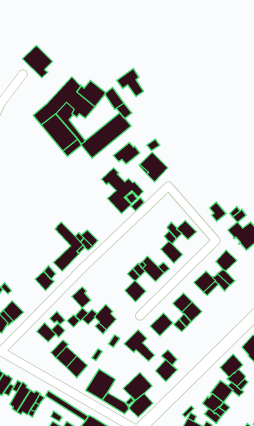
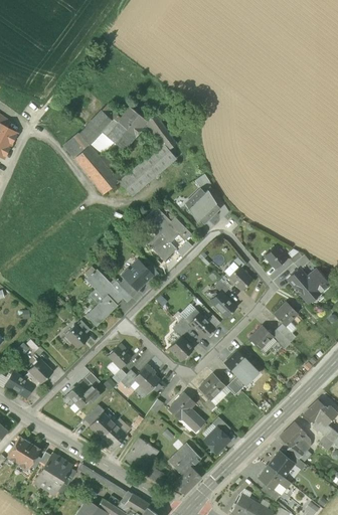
building: [22,46,52,78] -> none
building: [117,68,143,97] -> none
building: [113,142,140,164] -> none
building: none -> [123,262,151,289]

